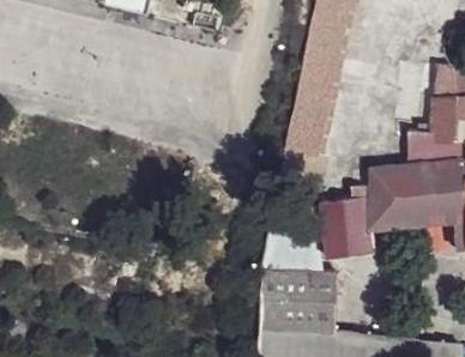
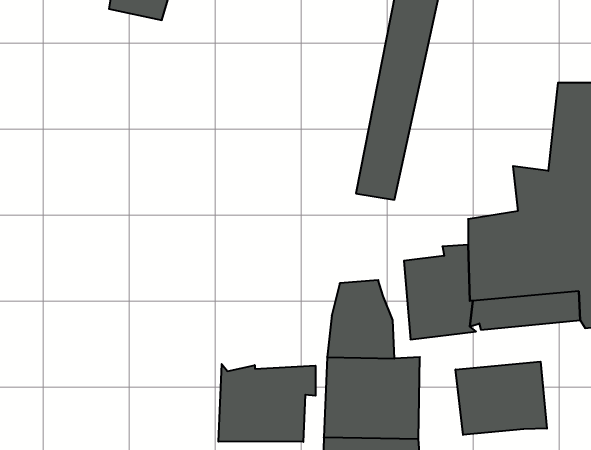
building: none -> [456,362,547,435]
building: none -> [218,364,316,442]

